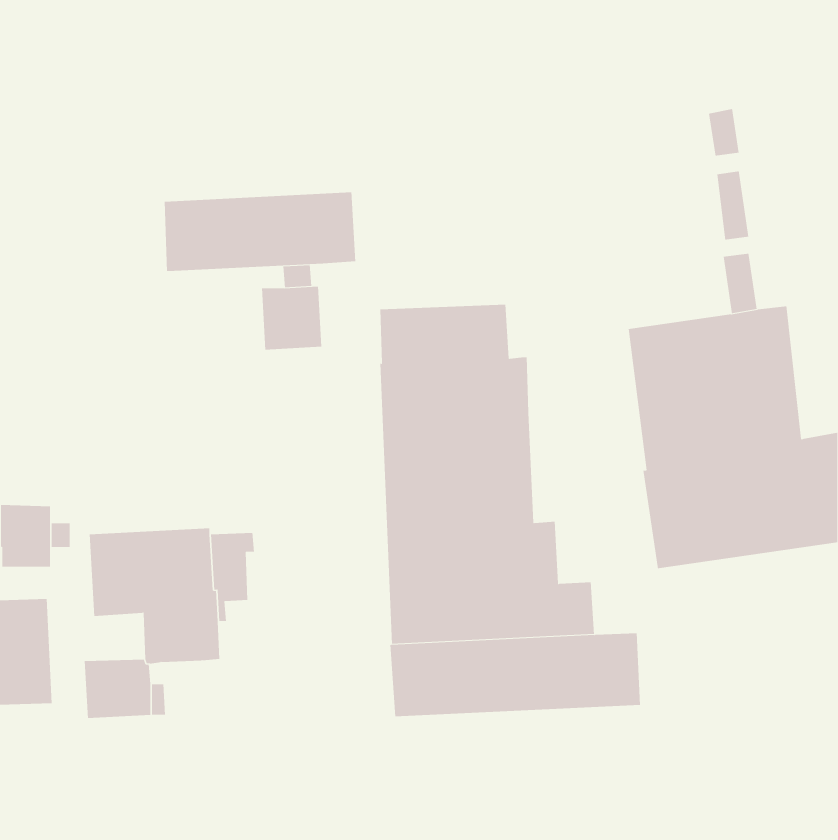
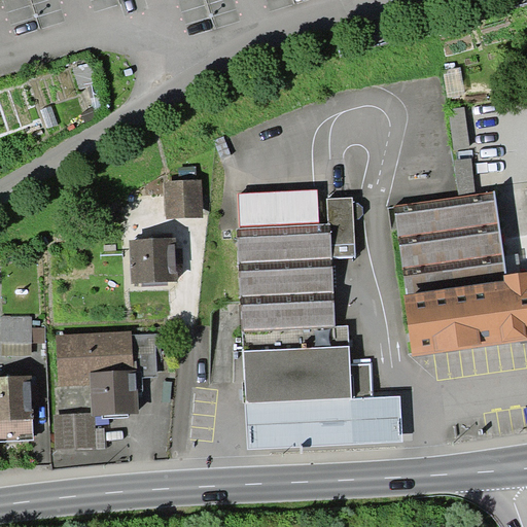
building: [164,191,356,272] -> none
building: none -> [327,199,355,258]
building: none -> [128,238,177,284]

